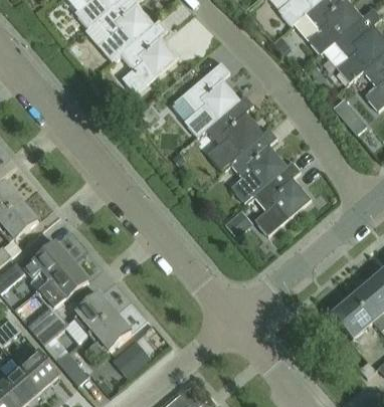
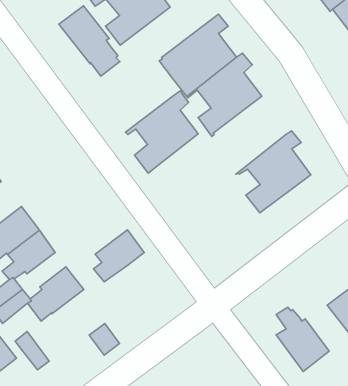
building: none -> [59,6,120,76]
building: [221,127,285,201] -> [126,91,198,173]
building: [86,311,131,358] -> [93,230,144,282]
building: none -> [276,307,329,372]

